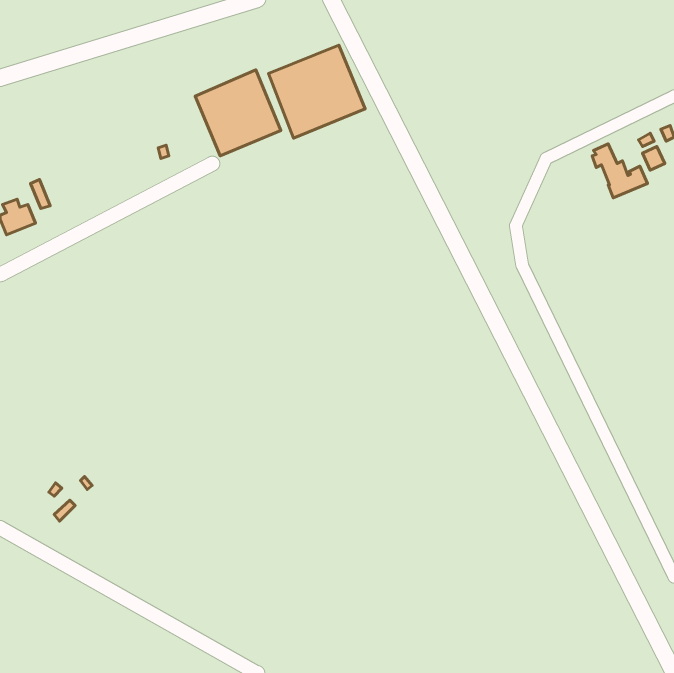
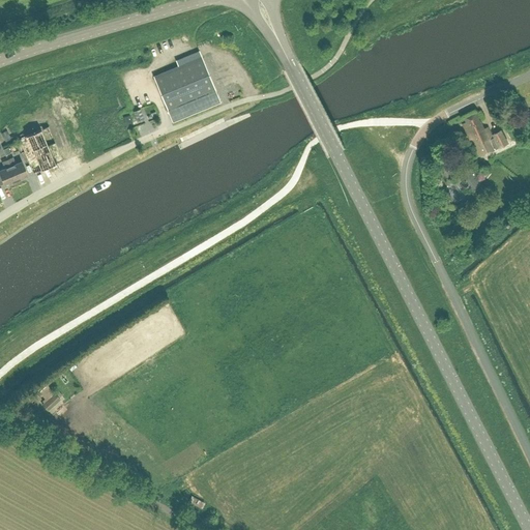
building: [268,45,365,138] -> none

